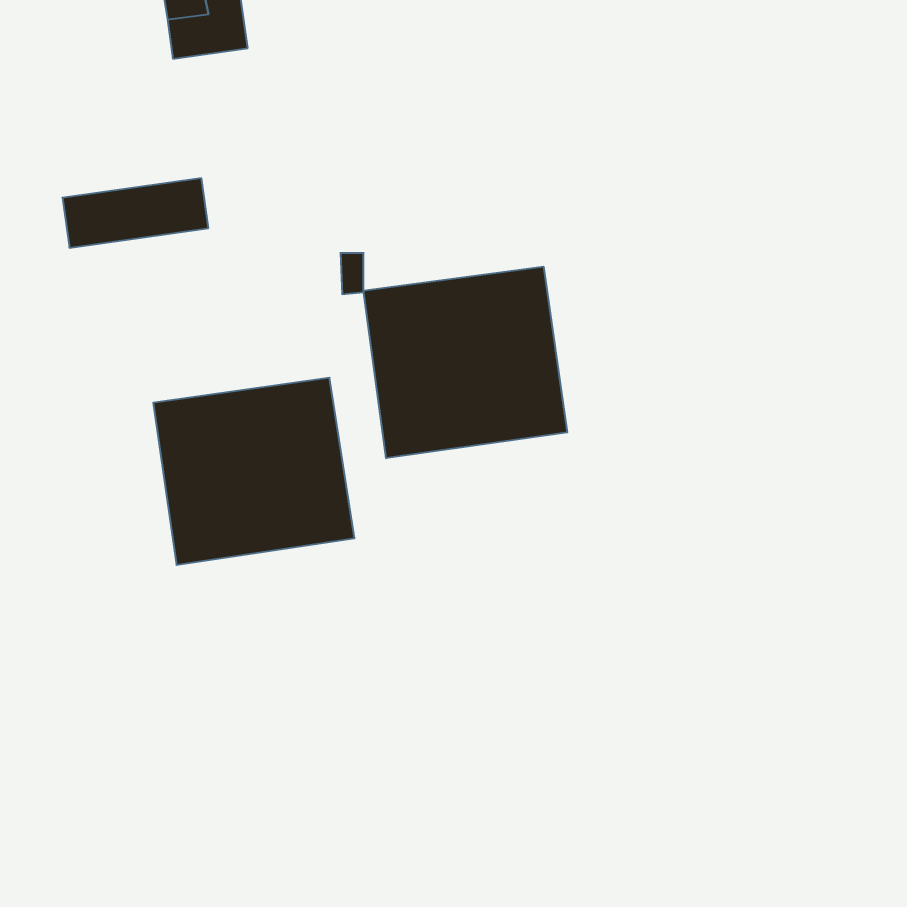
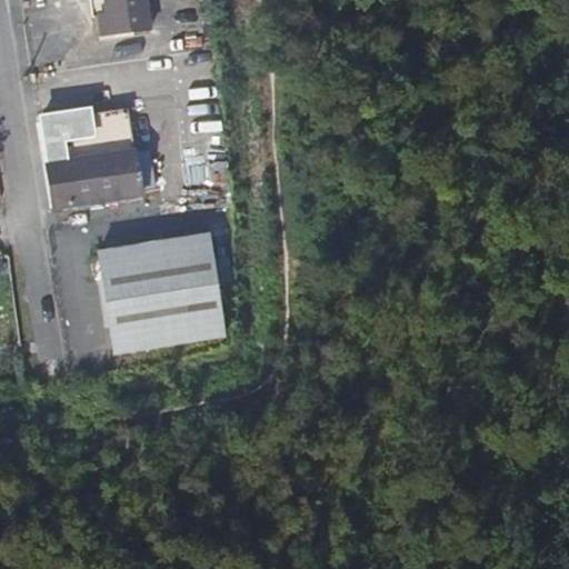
building: none -> [46,142,153,203]
building: [364,267,567,458] -> none

